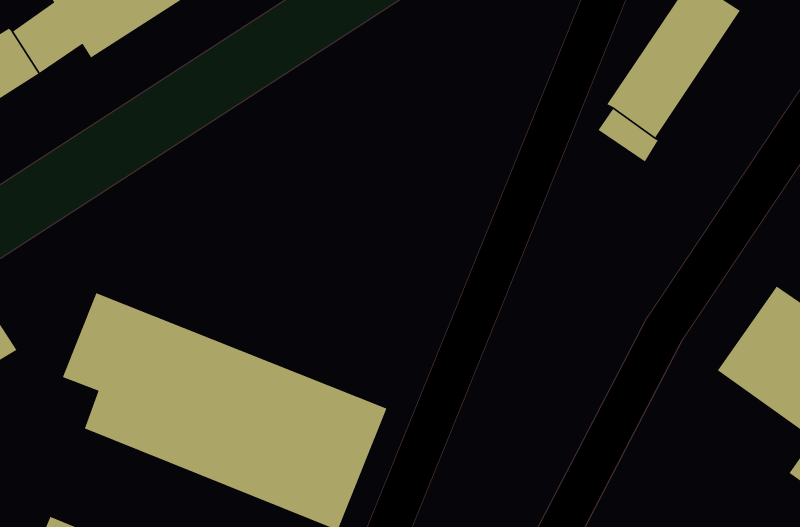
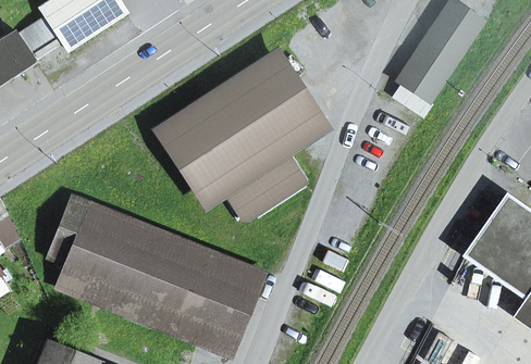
building: none -> [163,60,321,217]

